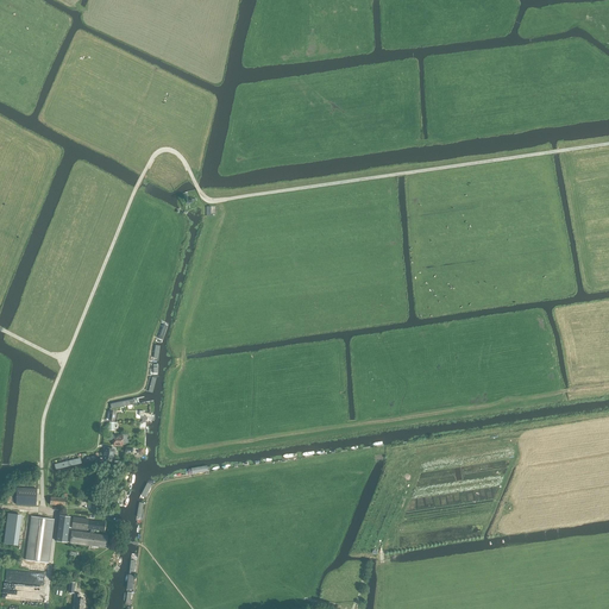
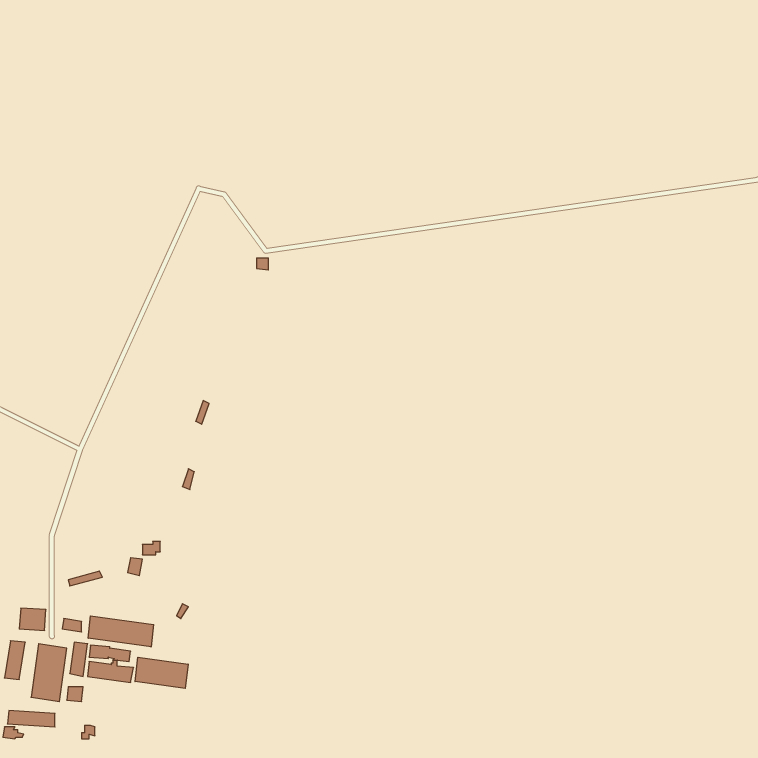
building: none -> [88,616,154,647]
building: none -> [135,657,188,688]

